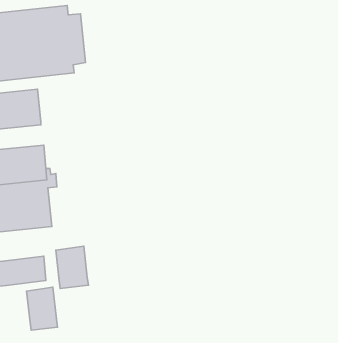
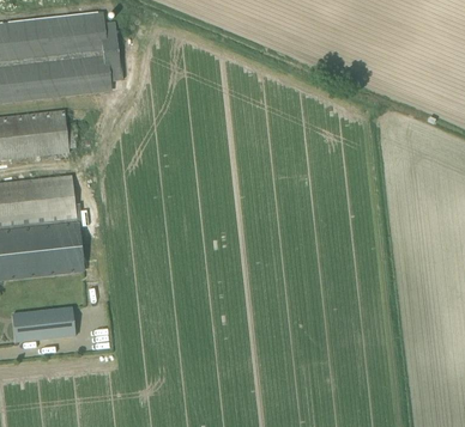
building: [56,246,88,288] -> none
building: [27,287,58,330] -> none

